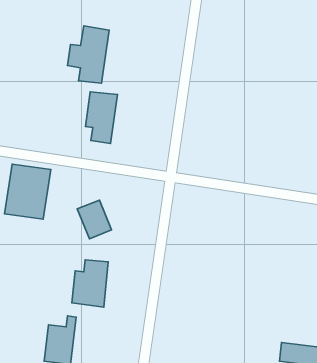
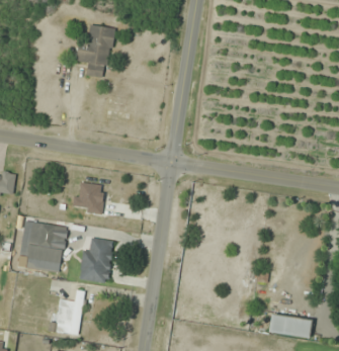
building: [85,92,118,143] -> none
building: [5,164,51,219] -> [24,222,67,272]

